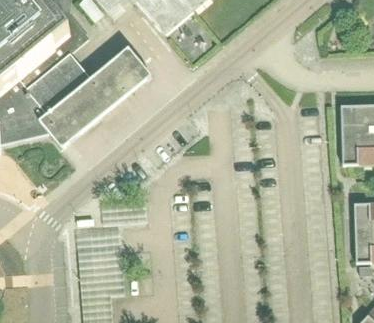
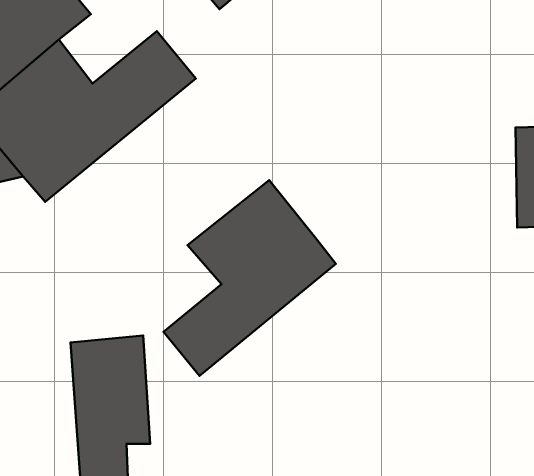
building: none -> [163,180,336,376]

